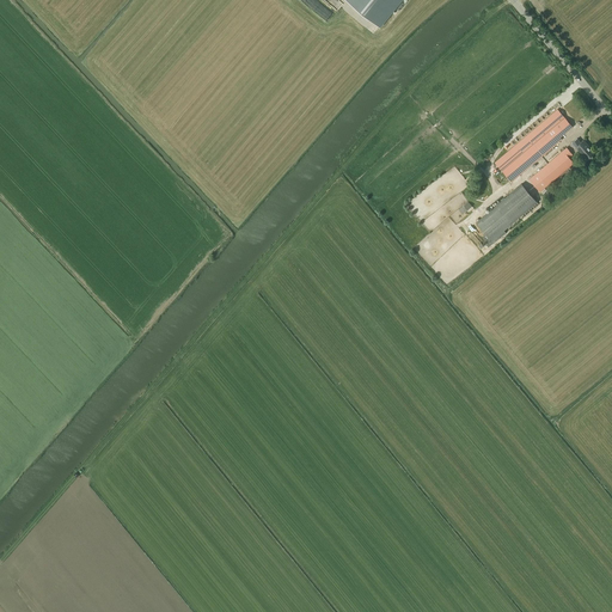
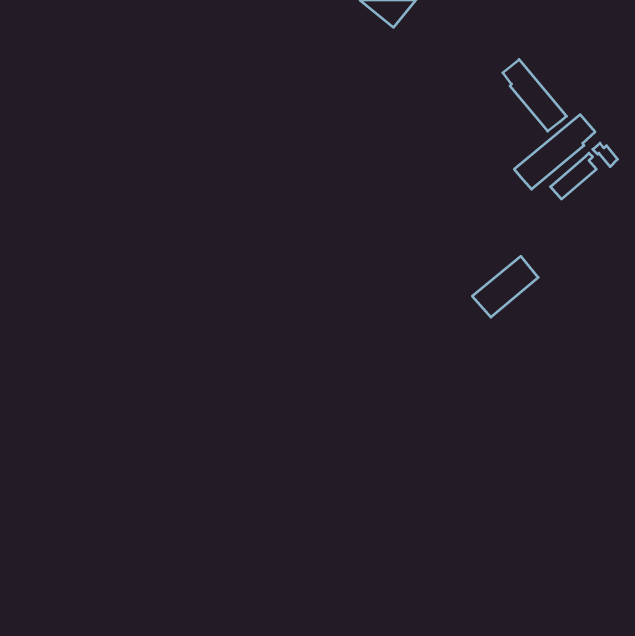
building: none -> [503,59,567,131]
building: [475,184,538,243] -> [472,256,538,317]

